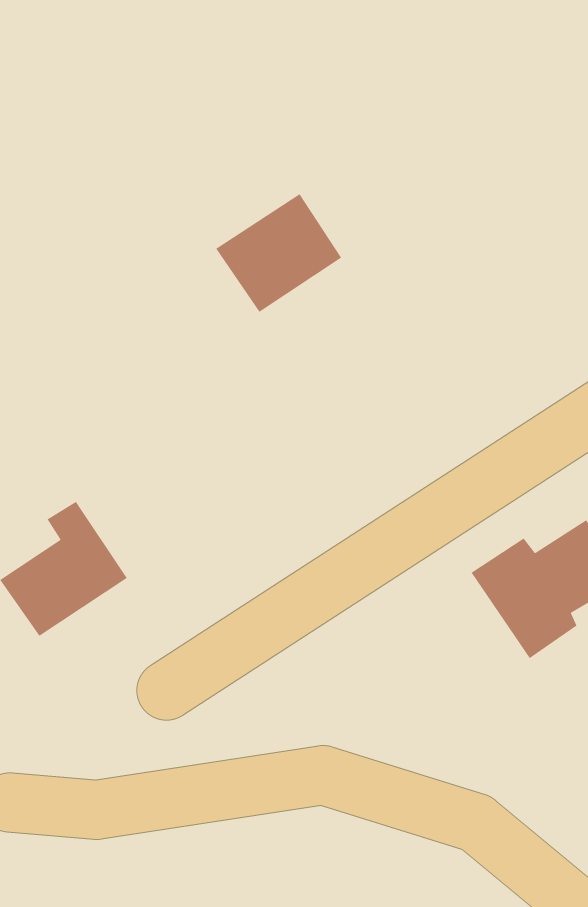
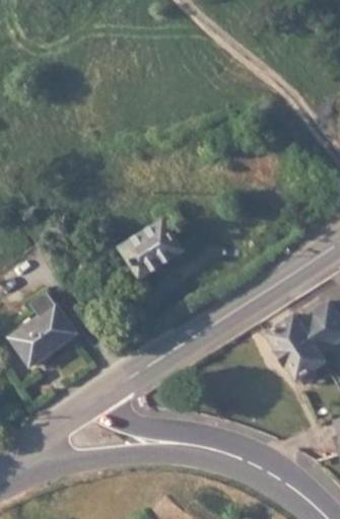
building: [215,193,342,313] -> [115,216,185,282]

